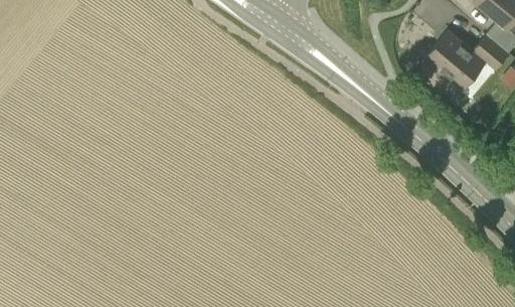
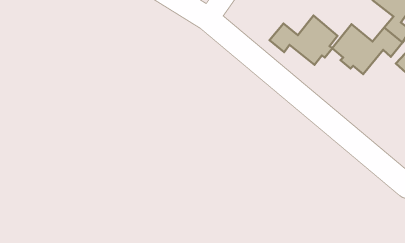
building: none -> [270,16,338,65]

